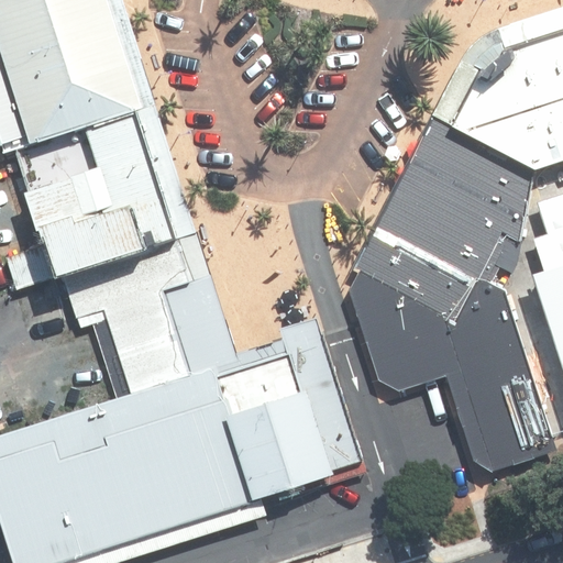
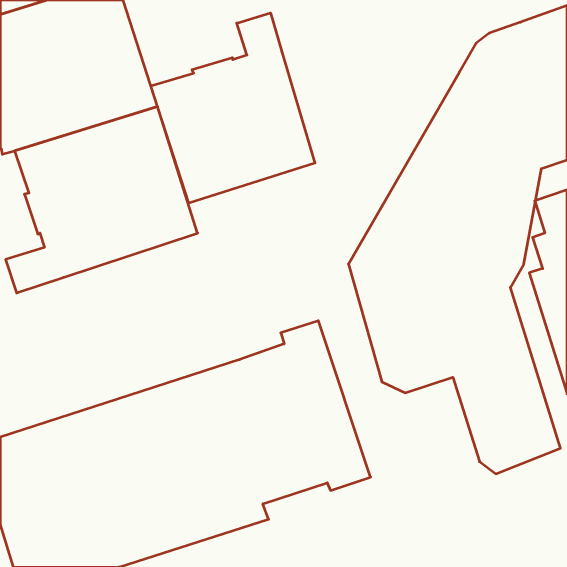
building: none -> [151,13,315,203]
building: [63,231,238,391] -> none

